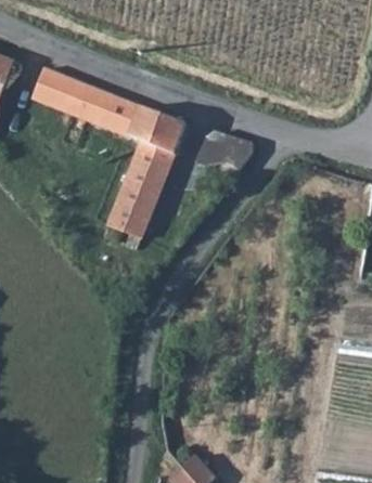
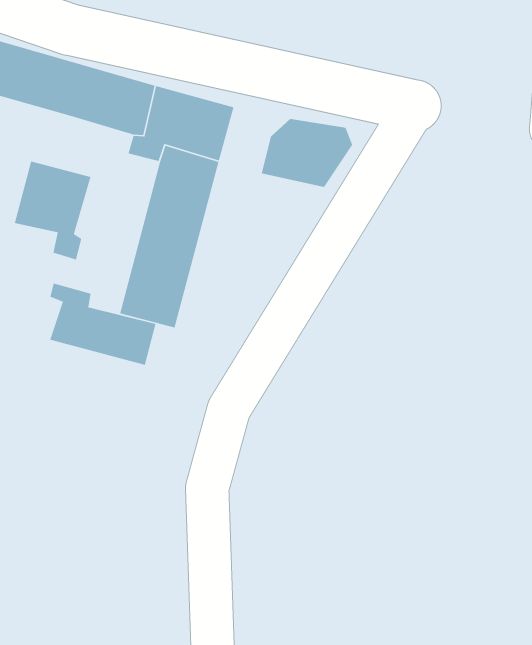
building: none -> [14,160,92,260]
building: none -> [49,283,157,366]

